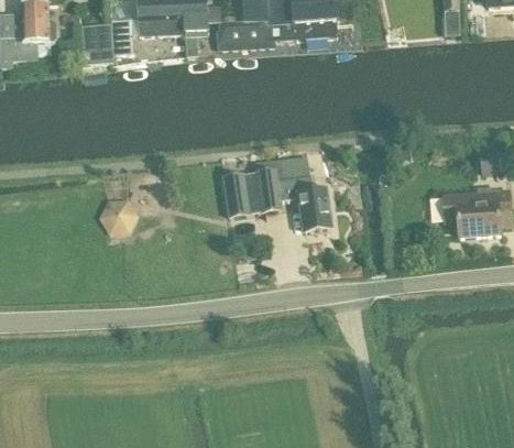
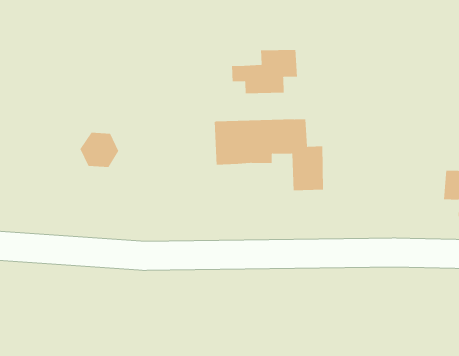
building: none -> [231,49,298,94]

